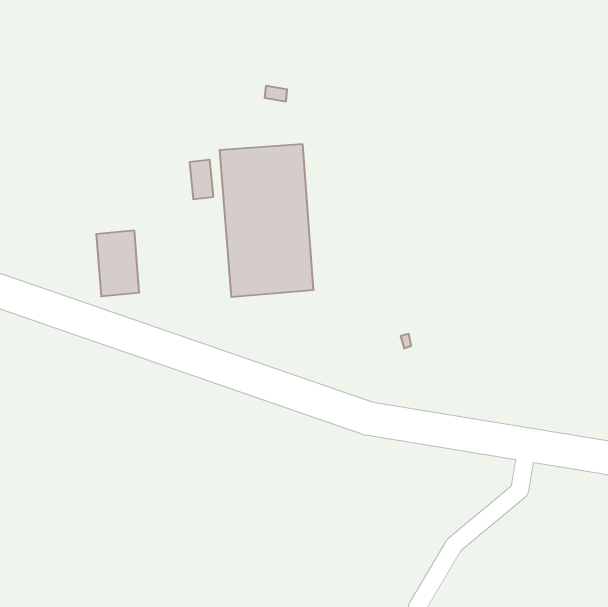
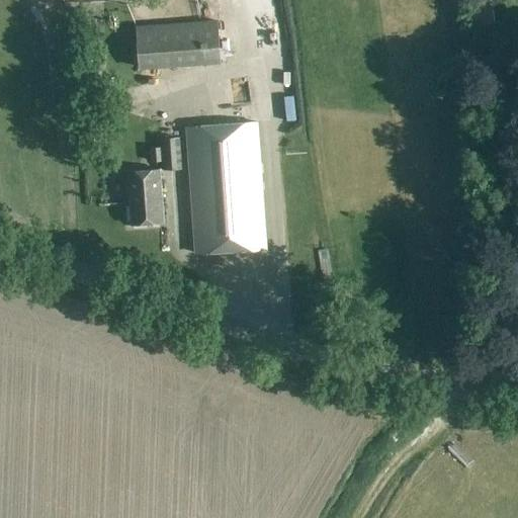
building: none -> [137,21,221,69]
building: [96,231,139,296] -> [126,169,163,225]

